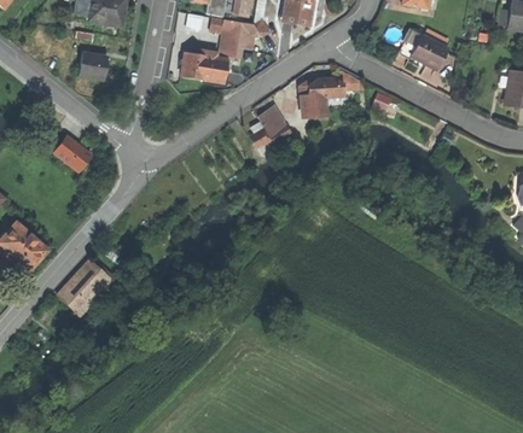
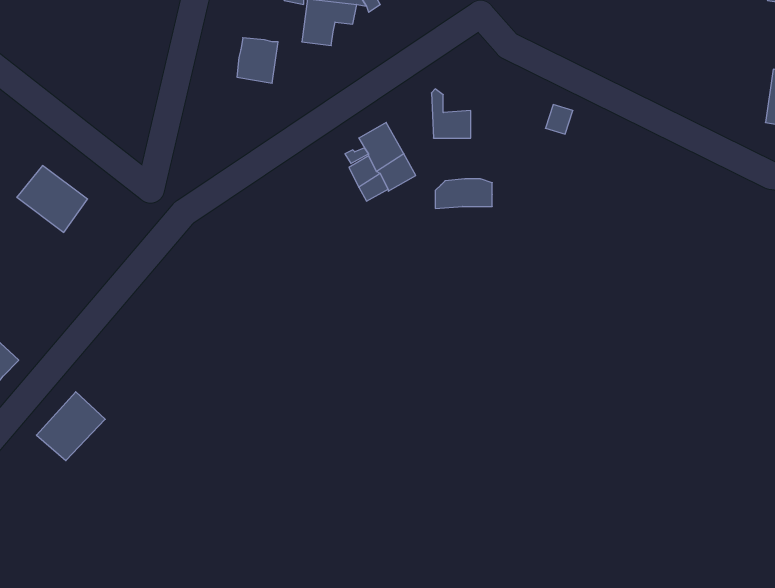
building: [413,35,448,70] -> none
building: [203,49,227,82] -> none
building: [79,52,106,78] -> none
building: [308,80,343,98] -> [435,179,492,208]

